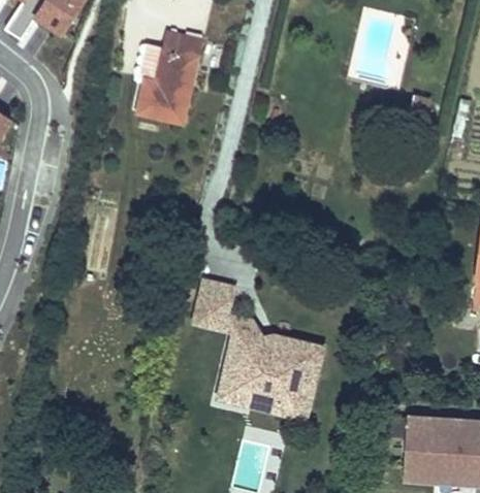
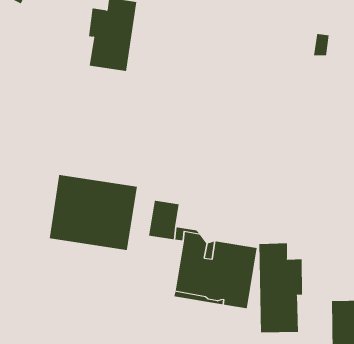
building: none -> [49,174,138,251]
building: none -> [259,242,303,333]

